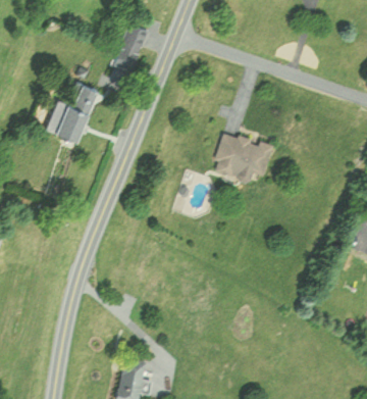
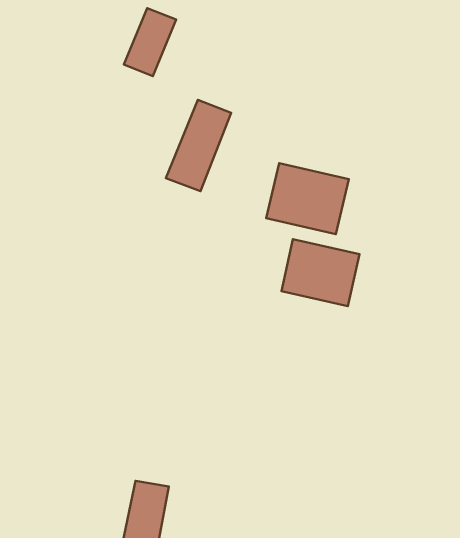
building: [54,81,100,145] -> [166,100,231,191]
building: none -> [281,239,359,306]

